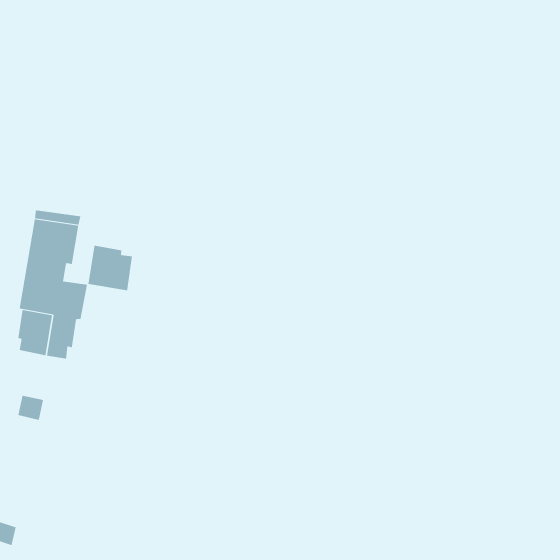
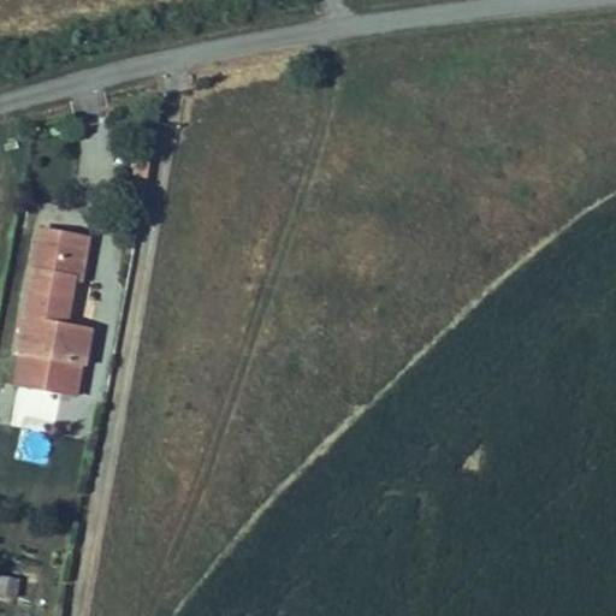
building: [88,245,132,291] -> none

